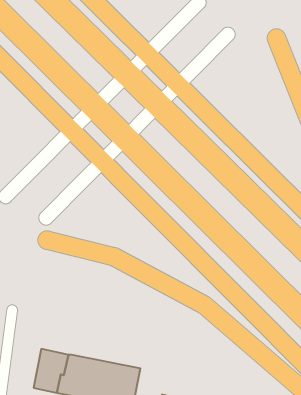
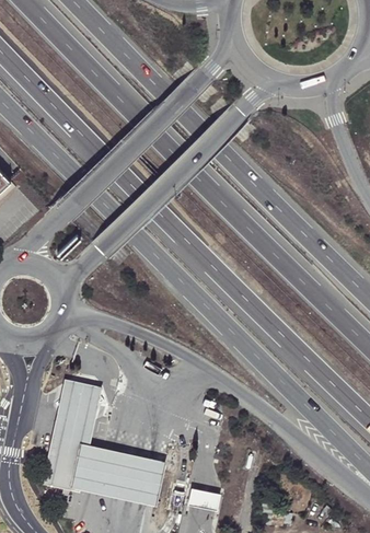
building: none -> [51,379,100,444]

